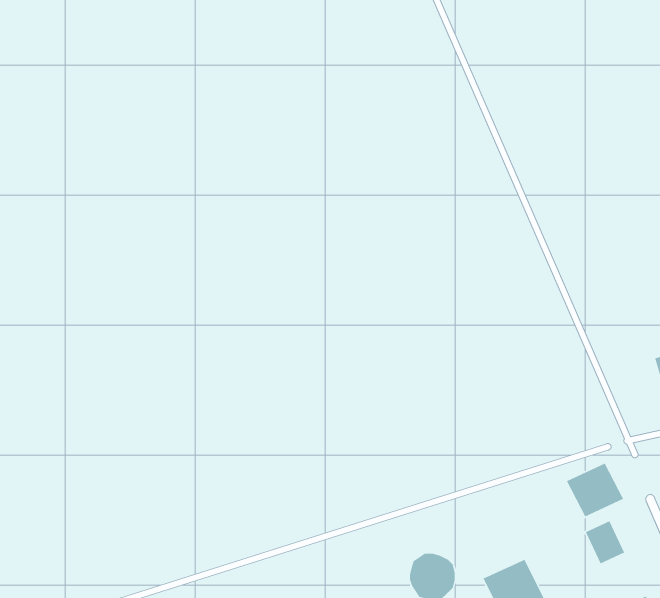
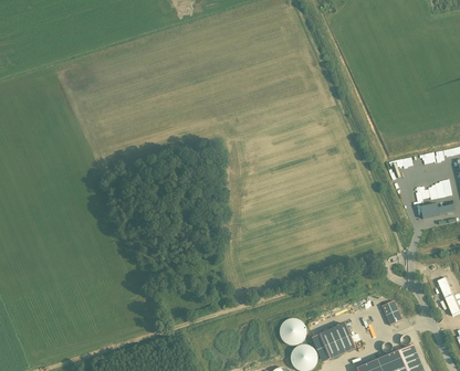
building: [566,462,624,518] -> none

